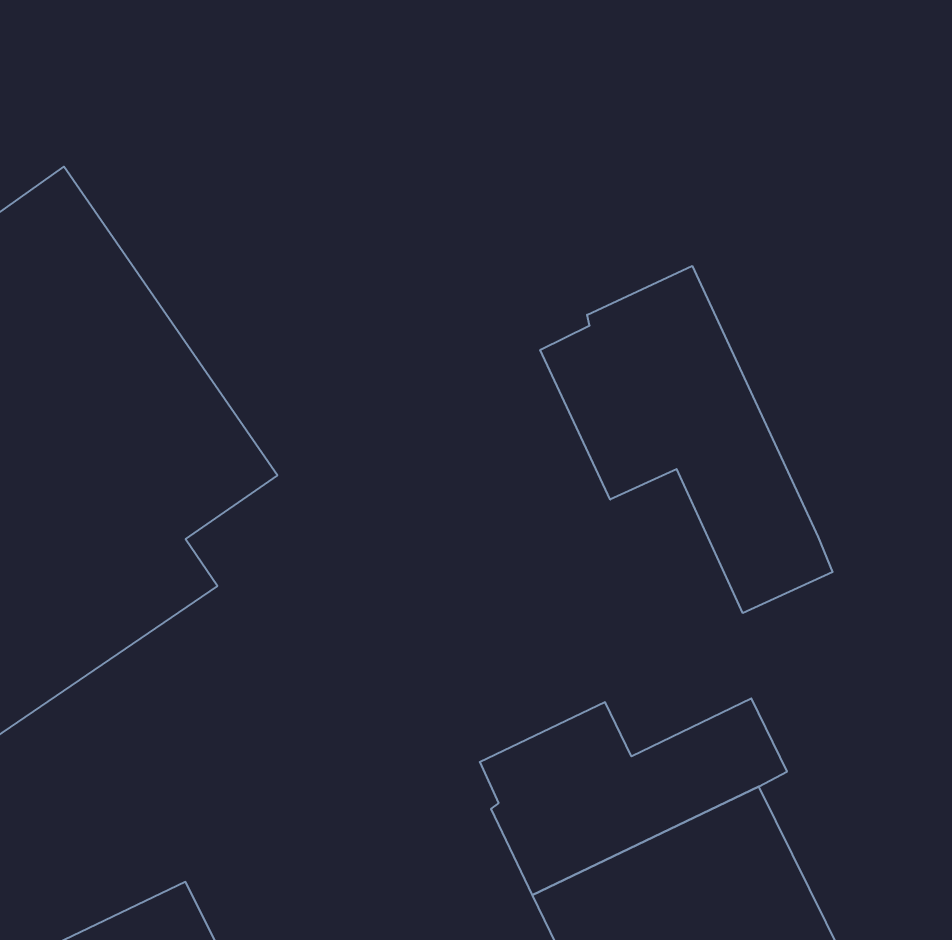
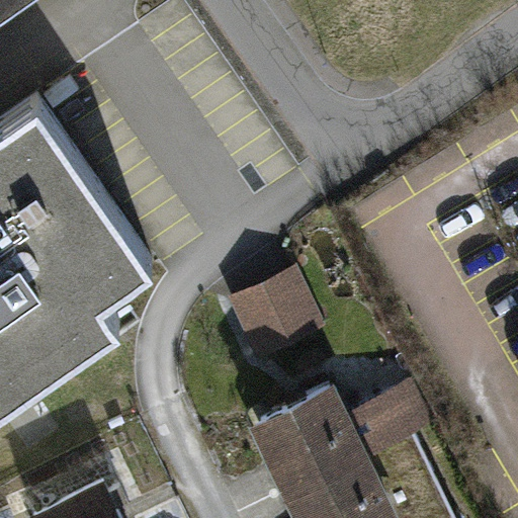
building: [540,266,833,613] -> none
building: none -> [235,277,315,354]

